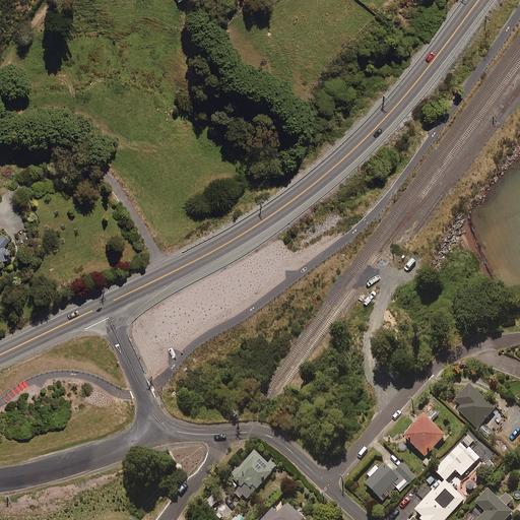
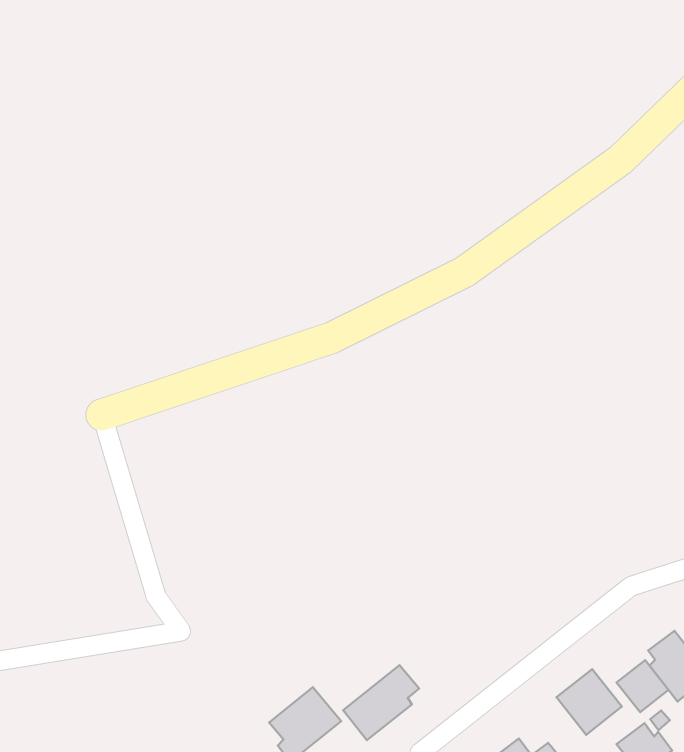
building: none -> [617,660,669,712]
building: none -> [343,665,419,740]

